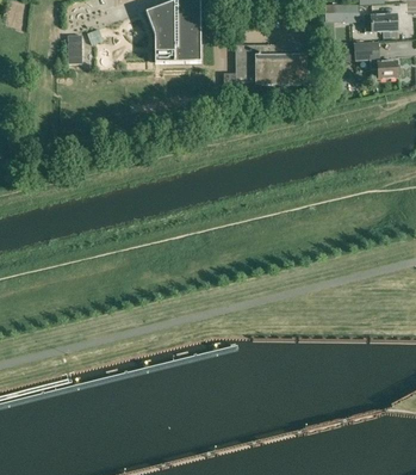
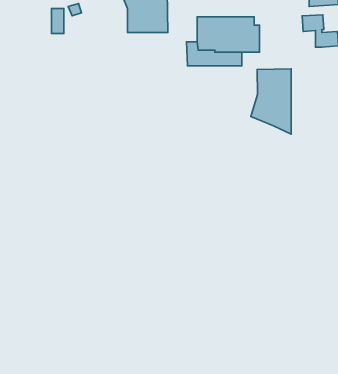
building: none -> [251,69,291,134]

